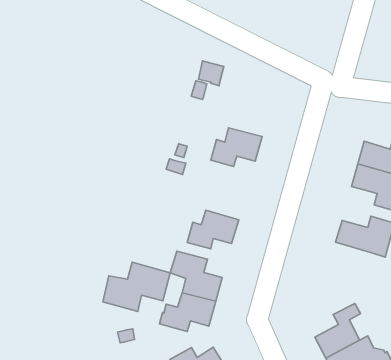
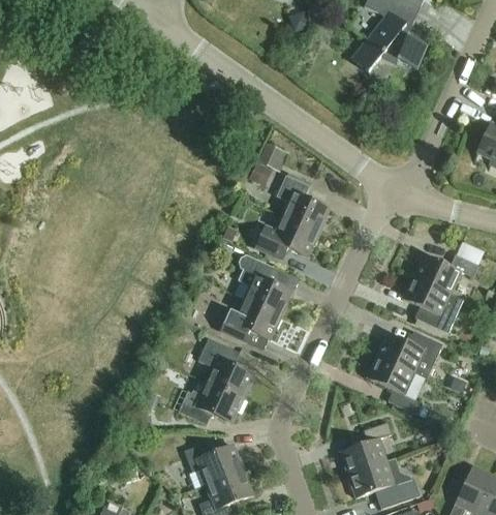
building: none -> [277,176,329,232]
building: none -> [238,254,290,315]
building: none -> [367,355,423,415]
building: [103,262,170,311] -> none

